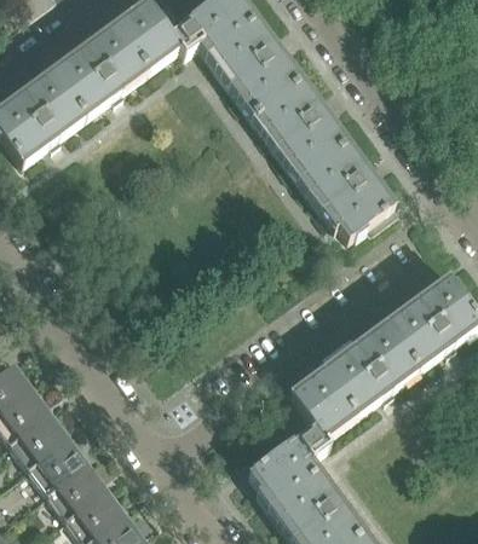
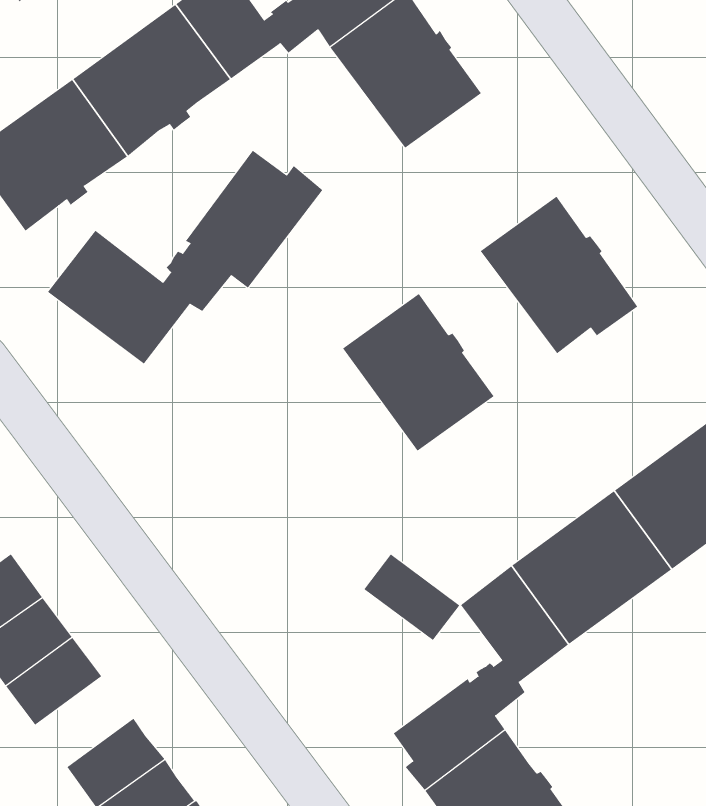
building: [253,79,346,175] -> [342,293,494,451]
building: none -> [47,150,323,364]
building: none -> [363,554,460,641]
building: [27,435,87,491] -> none

